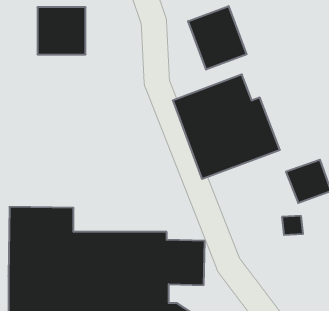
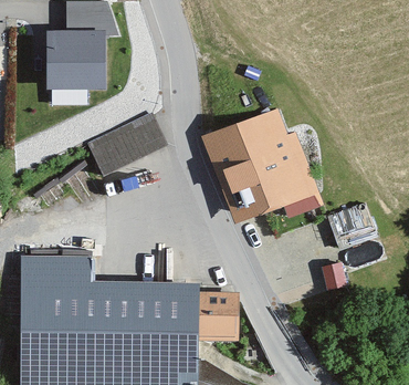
building: [188,6,247,70] -> none
building: none -> [88,113,167,176]

